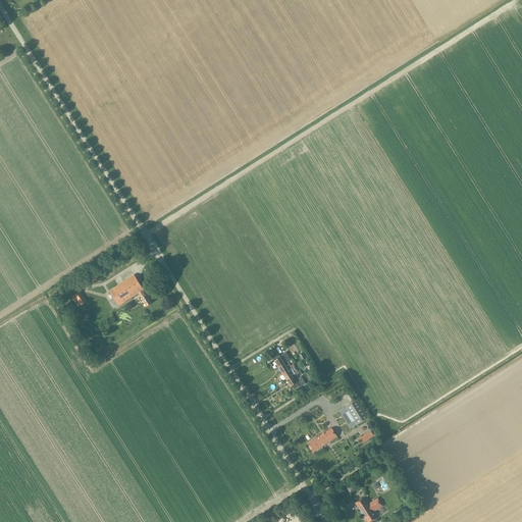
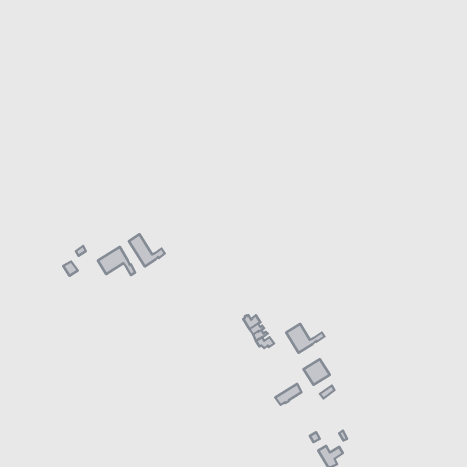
building: none -> [129,234,165,267]
building: none -> [286,324,324,353]

